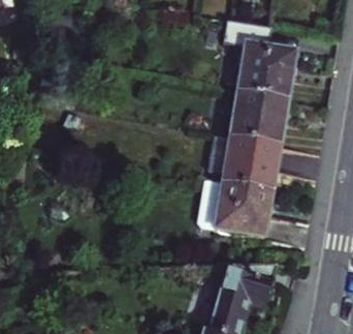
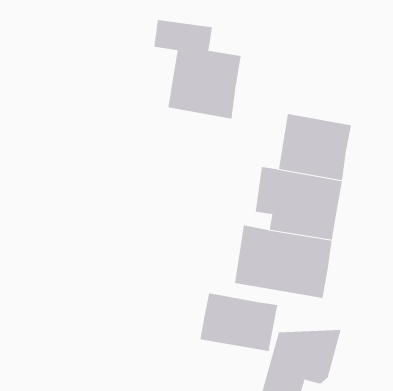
building: [225,22,295,101] -> [153,20,241,119]
building: none -> [200,292,278,352]

